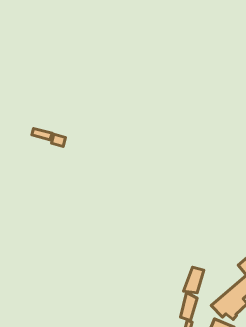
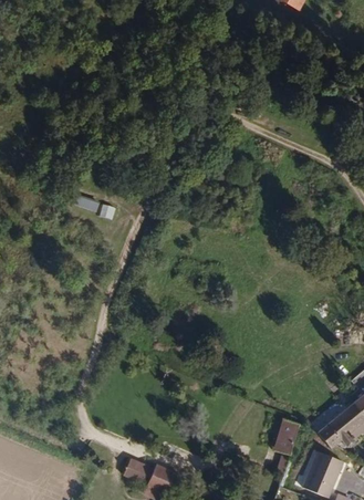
building: [183,267,204,293] -> none

